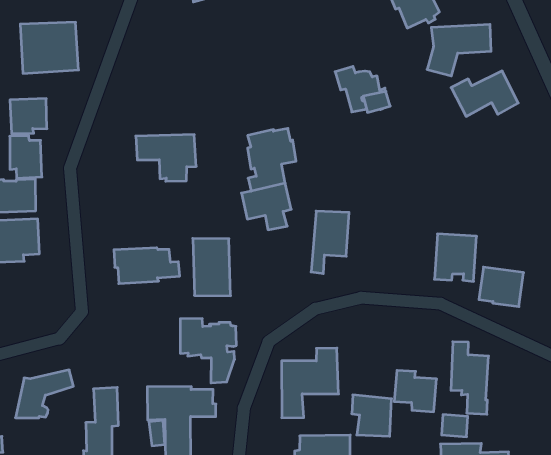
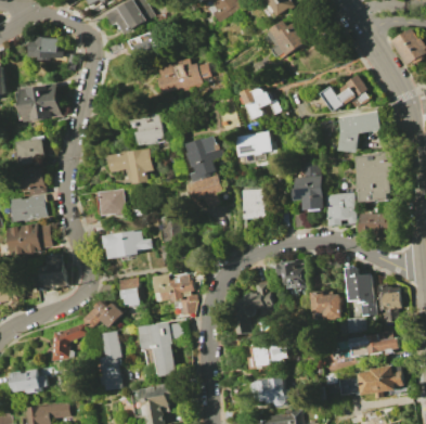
building: none -> [158,59,208,93]
building: [427,24,491,76] -> [338,112,382,151]
building: none -> [131,112,164,145]
building: none -> [236,130,273,159]
building: none -> [292,162,323,211]
building: none -> [358,151,395,201]
building: none -> [98,189,125,216]
building: none -> [39,253,65,287]
building: none -> [118,278,139,306]
building: none -> [82,300,122,329]
building: none -> [376,285,399,321]
building: [352,395,392,436] -> [275,260,305,288]

